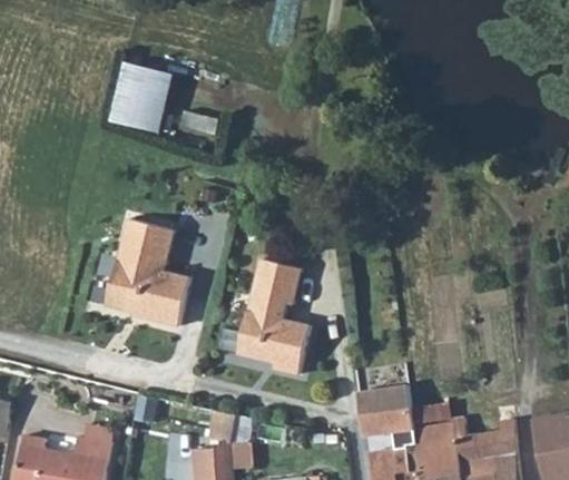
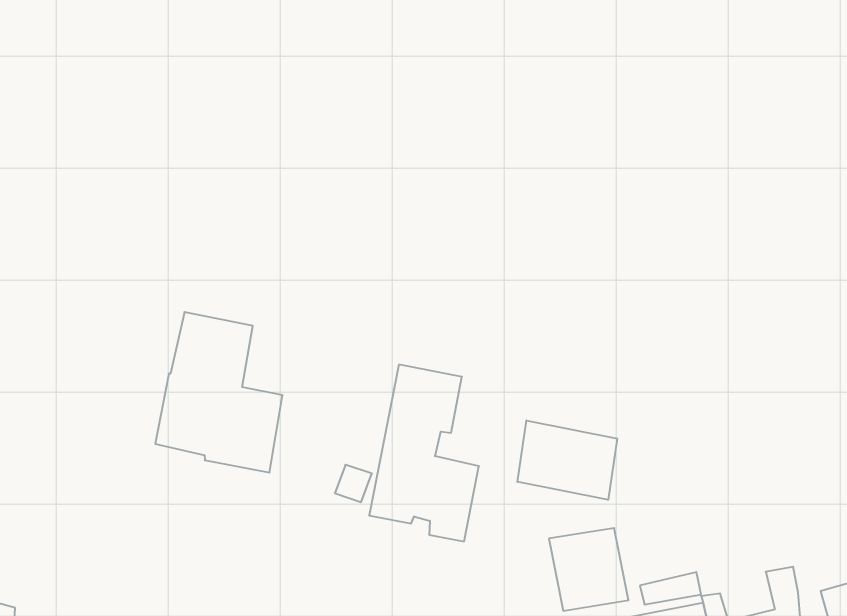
building: [110,62,174,134] -> none
building: none -> [517,420,617,500]

